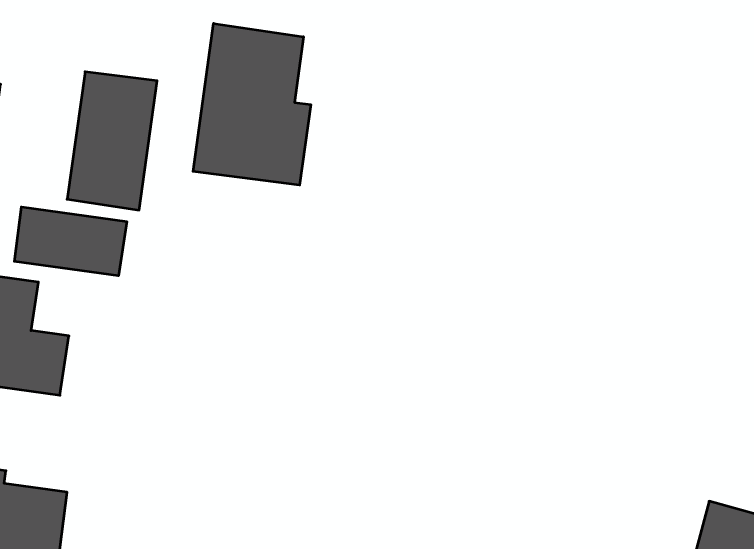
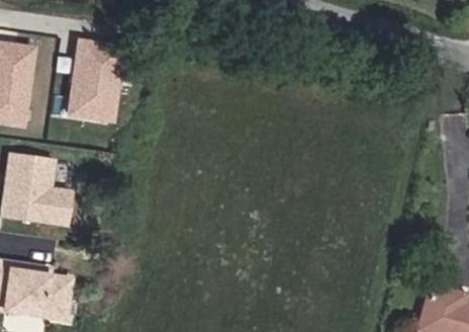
building: [193,23,311,185] -> none
building: [14,207,127,276] -> none

